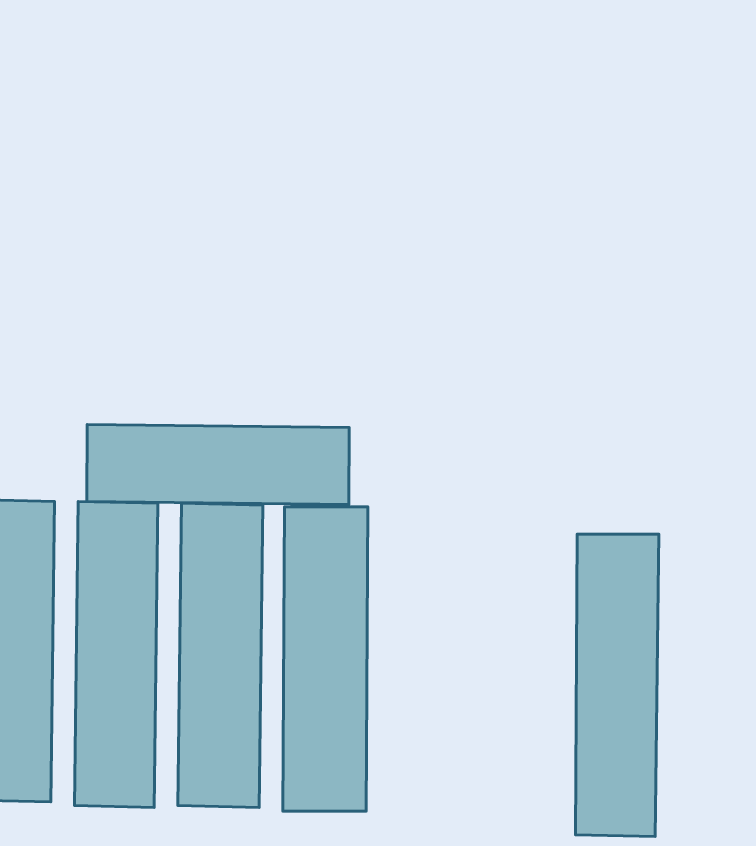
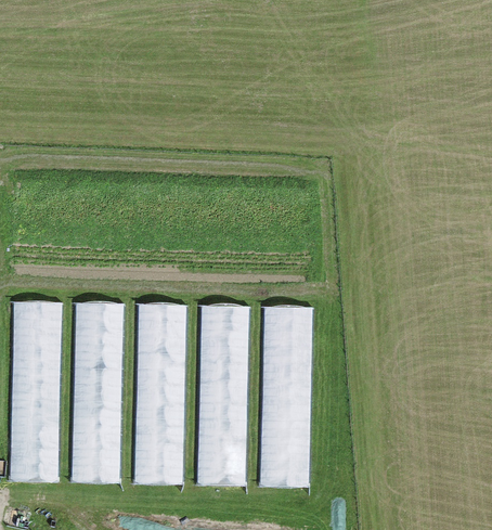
building: [87,424,349,504] -> none
building: [575,534,659,837] -> [261,305,311,486]

